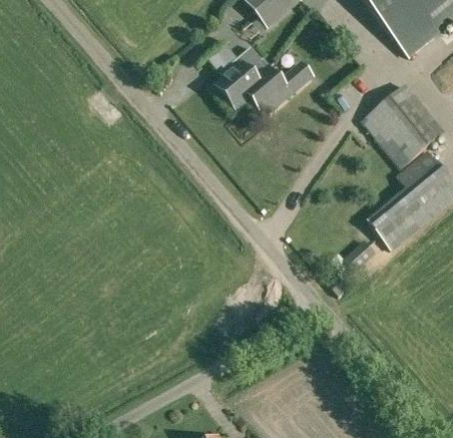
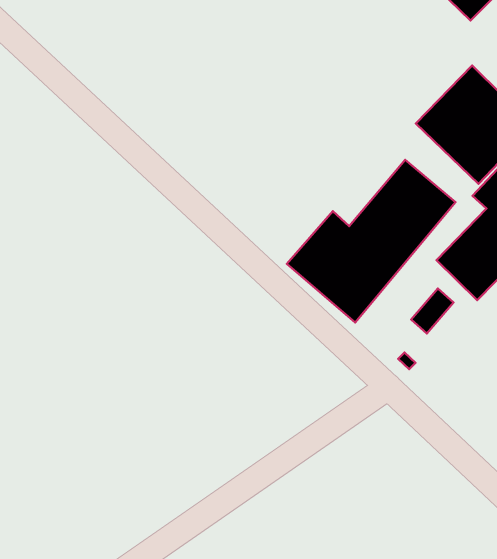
building: [216,47,312,115] -> none
building: none -> [287,160,456,323]

